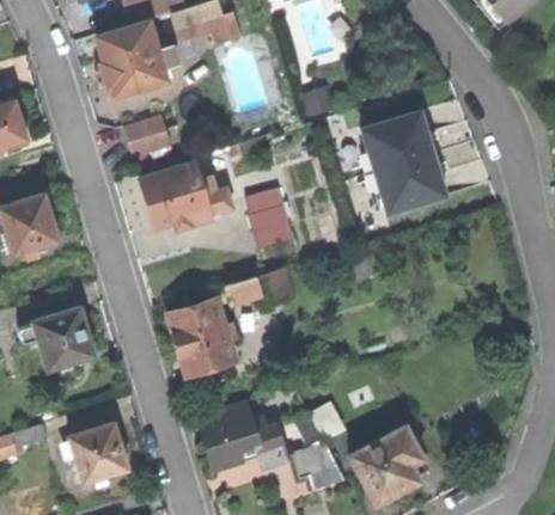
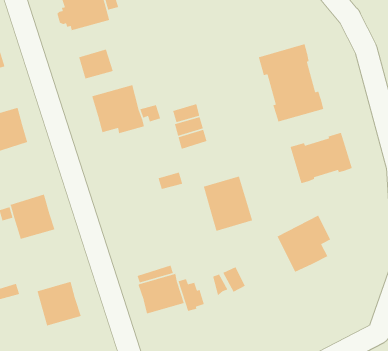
building: none -> [290,132,353,184]
building: [170,300,236,374] -> [203,175,253,232]
building: [352,427,423,503] -> [277,214,331,273]
building: [295,442,347,489] -> none

